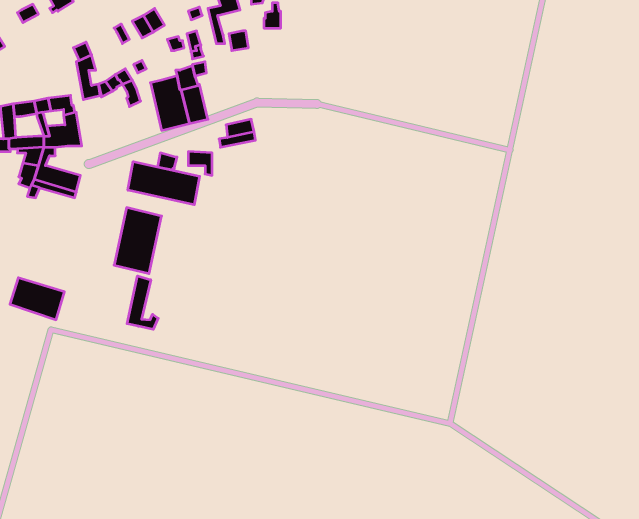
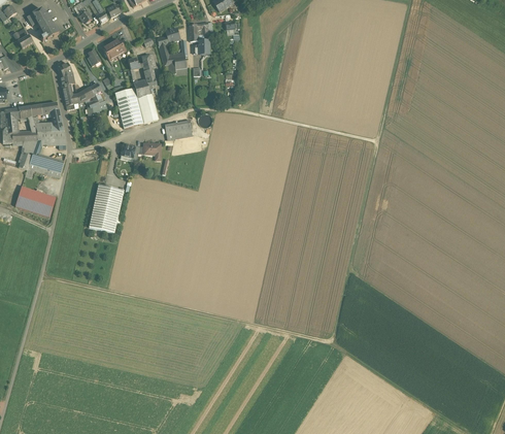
building: [128,162,200,205] -> none
building: [127,276,158,329] -> none
building: [10,278,64,320] -> [14,186,55,216]

